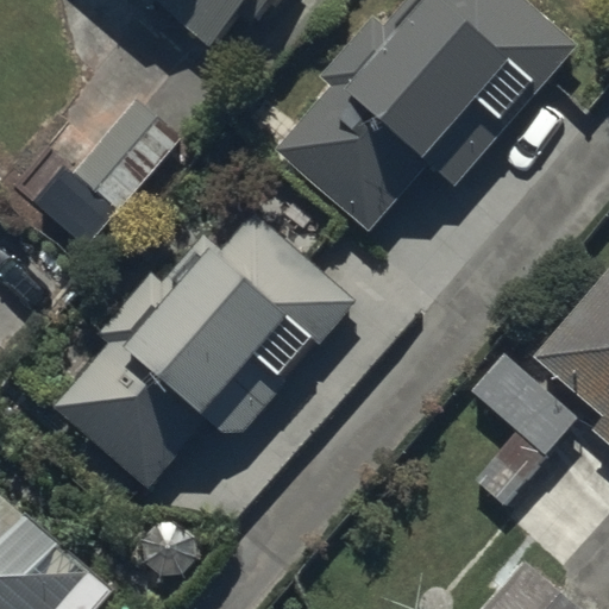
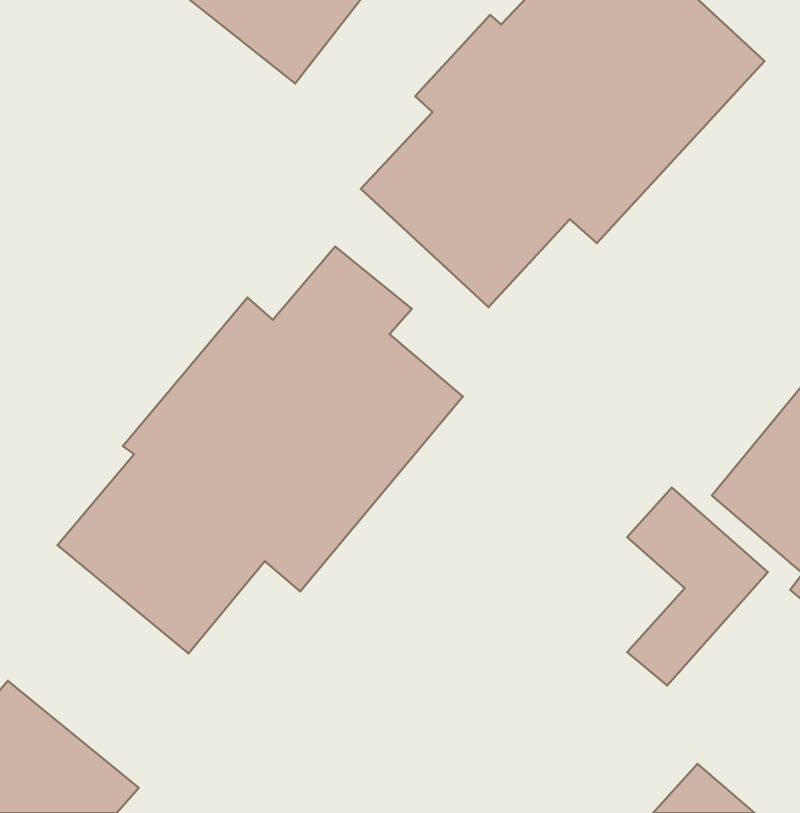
building: [37,95,182,244] -> none

